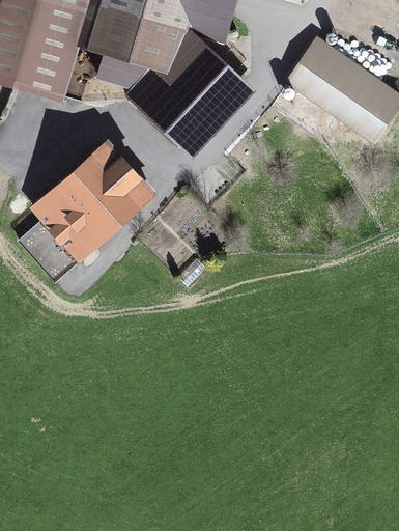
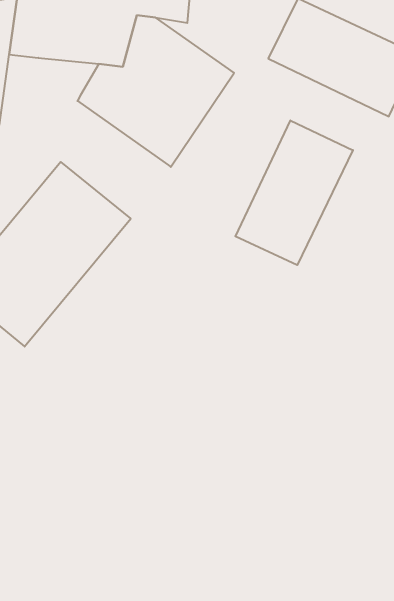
building: [94,52,149,87] -> none
building: none -> [235,120,353,265]

